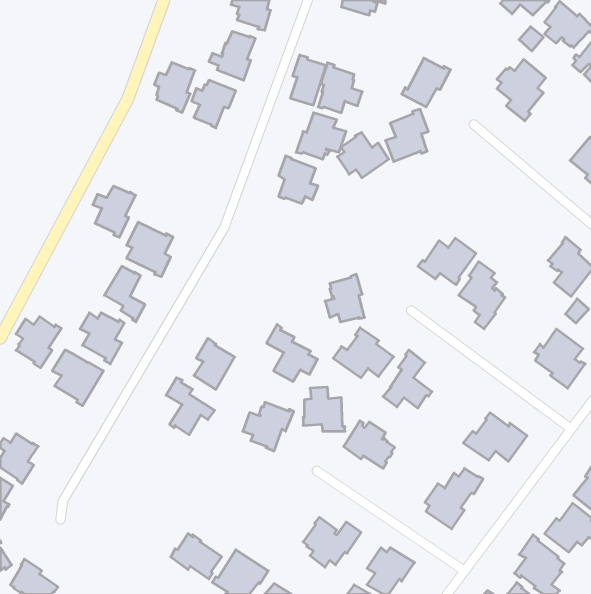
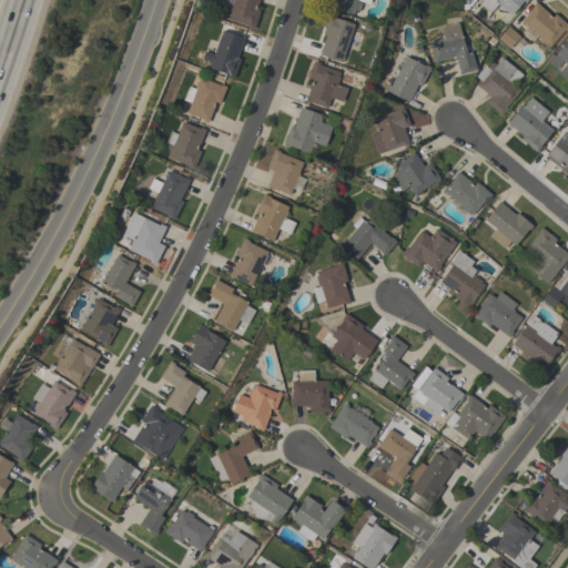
building: none -> [430,23,478,73]
building: [290,55,326,105] -> [321,13,355,61]
building: [154,62,195,112] -> [168,121,206,169]
building: none -> [508,95,554,152]
building: [337,132,389,178] -> [392,151,440,194]
building: none -> [445,171,493,214]
building: [93,186,136,237] -> [150,171,191,220]
building: none -> [252,193,296,240]
building: none -> [484,201,534,248]
building: none -> [343,216,398,260]
building: none -> [230,237,268,285]
building: none -> [474,291,523,337]
building: [16,317,61,368] -> [33,381,77,429]
building: [267,324,318,381] -> [207,276,256,331]
building: none -> [412,367,465,415]
building: none -> [132,404,183,459]
building: none -> [378,428,424,483]
building: none -> [210,429,260,484]
building: none -> [91,454,140,501]
building: none -> [247,473,294,525]
building: none -> [134,478,179,536]

